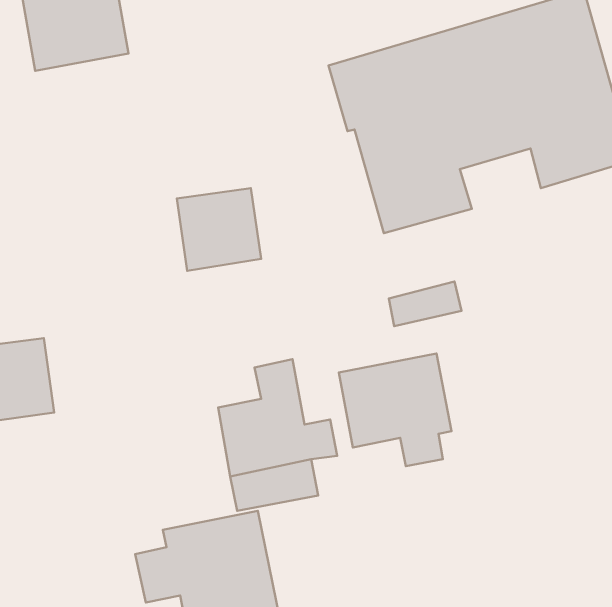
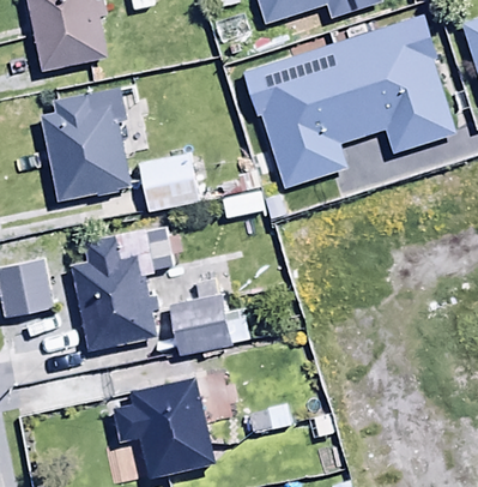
building: none -> [41,85,132,200]
building: none -> [72,236,158,351]
building: [339,353,452,466] -> none

